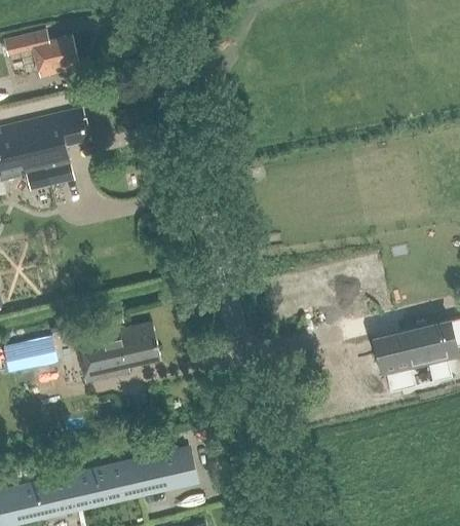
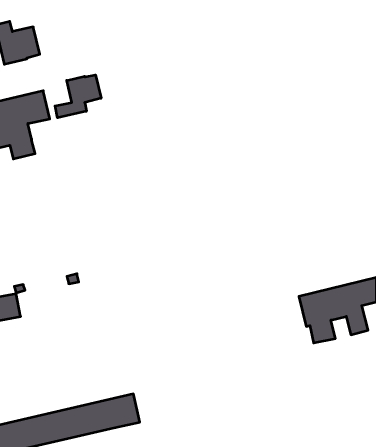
building: none -> [55,75,101,118]
building: [75,323,160,383] -> none

